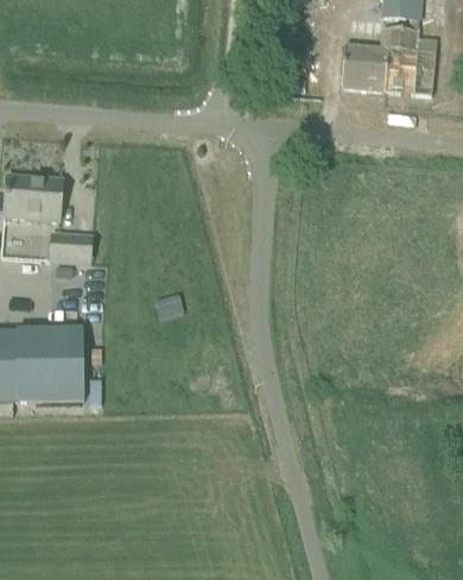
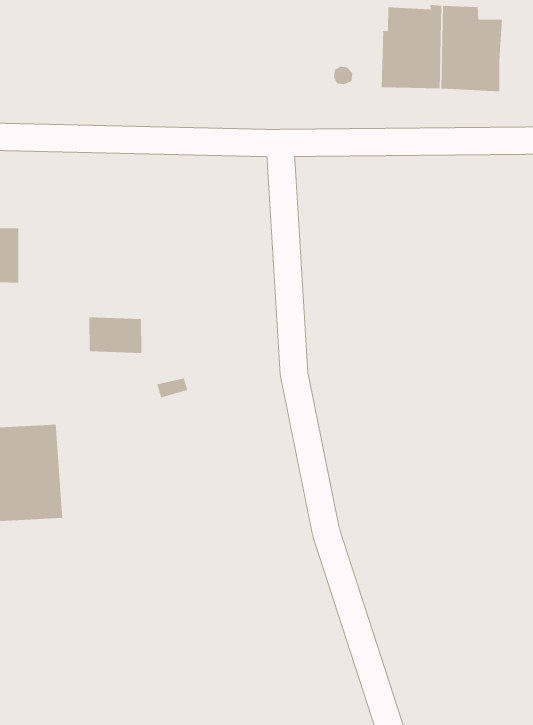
building: [51,229,93,259] -> [88,317,142,353]

